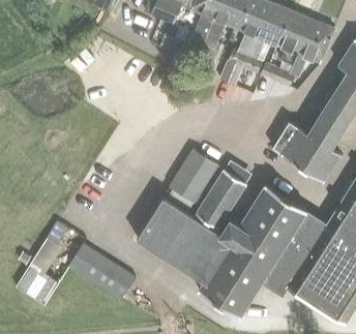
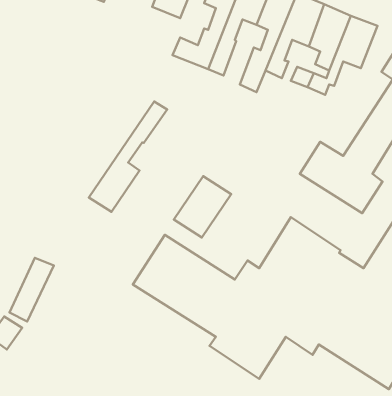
building: none -> [89,101,167,212]
building: [195,171,244,227] -> none
building: [67,244,132,298] -> none

